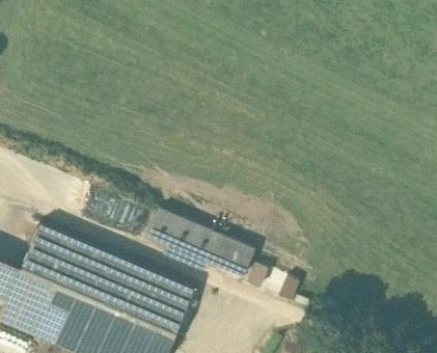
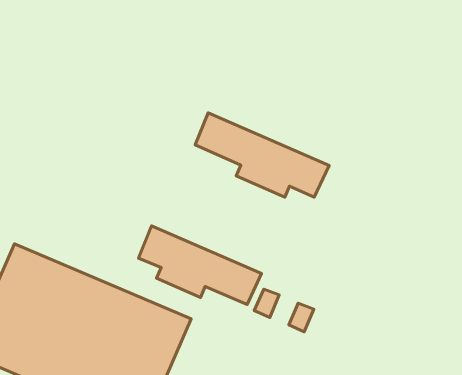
building: none -> [195,113,329,197]

